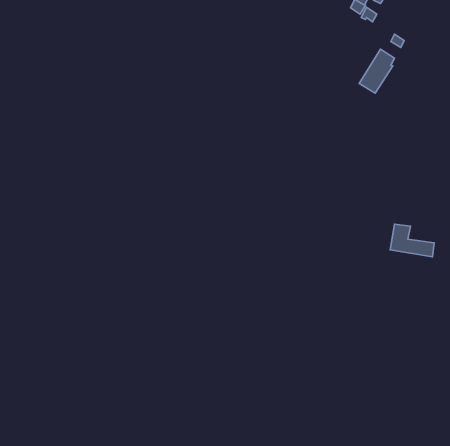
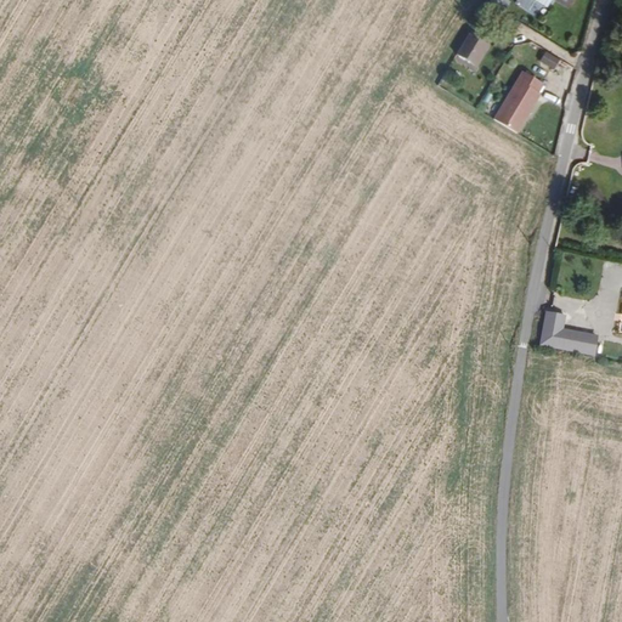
building: none -> [457,29,488,62]

